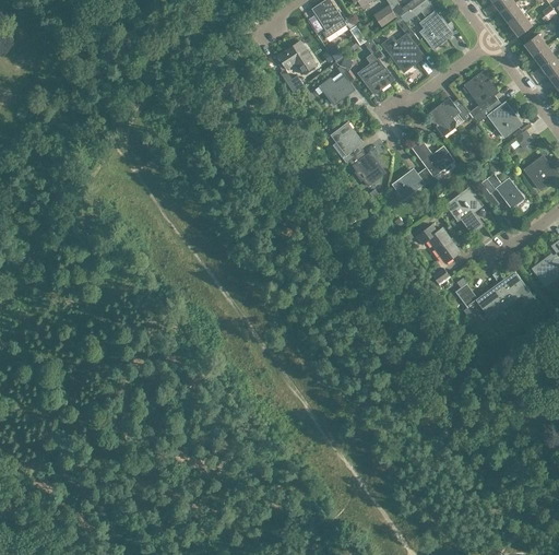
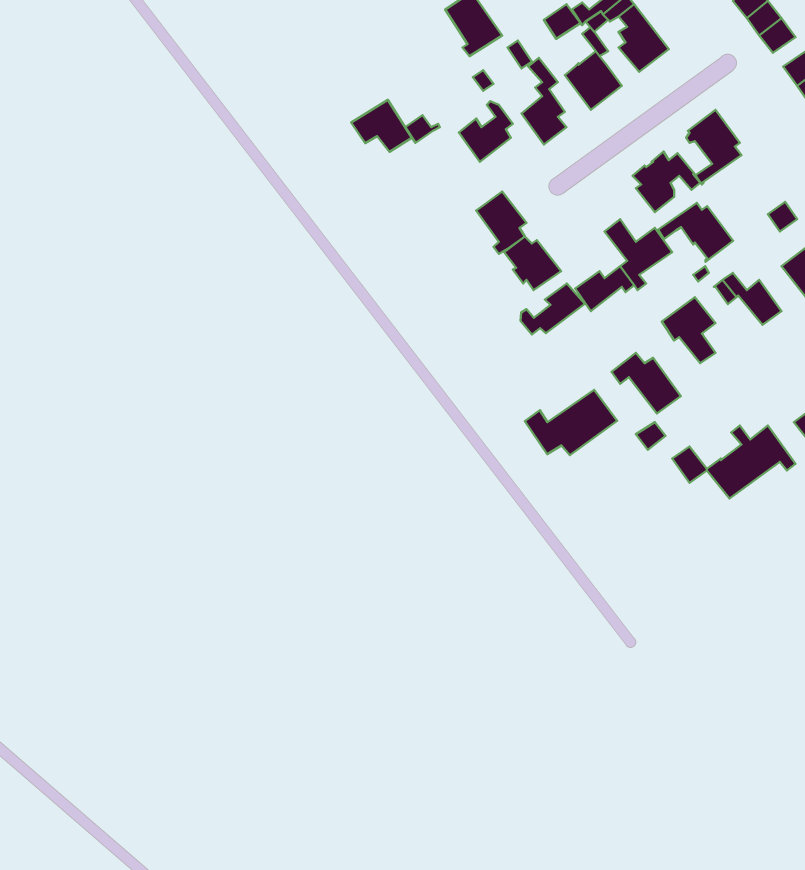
building: [277,42,316,74] -> [351,100,412,152]
building: [473,101,521,138] -> [657,203,733,262]
building: none -> [520,283,585,334]
building: none -> [525,390,617,455]

